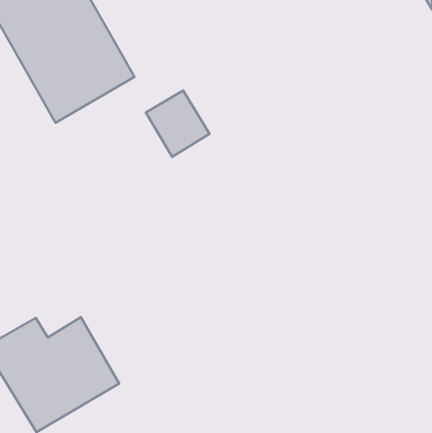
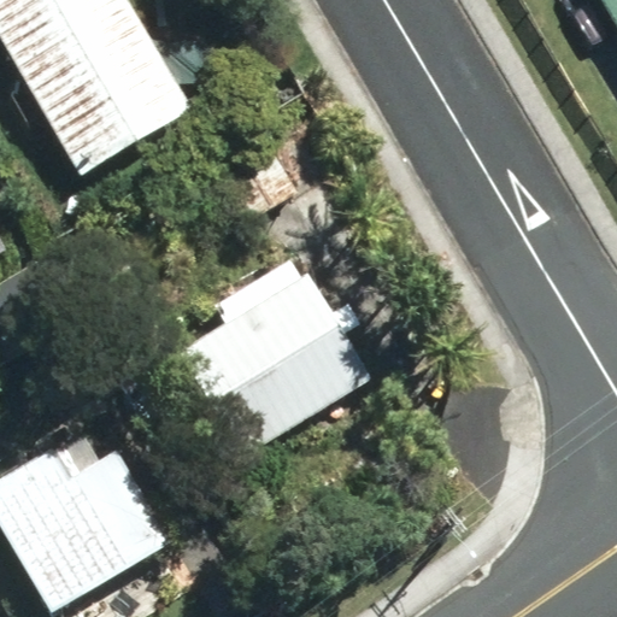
building: none -> [178,271,371,454]

